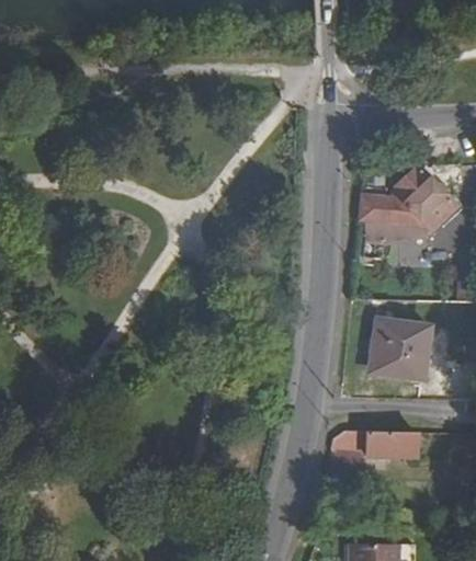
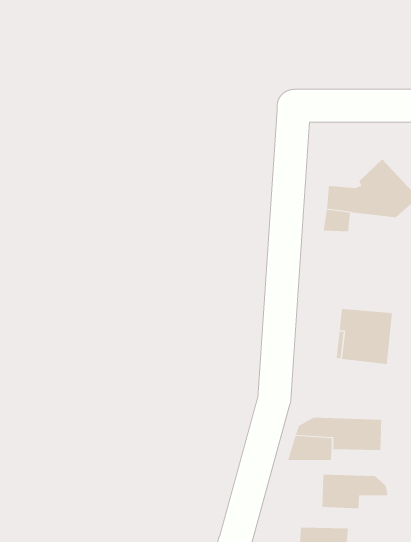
building: none -> [322,474,388,509]

